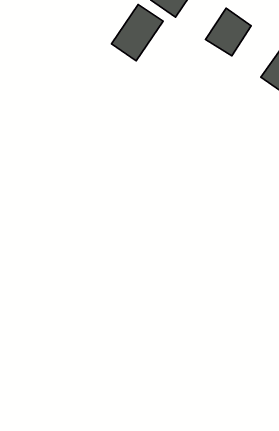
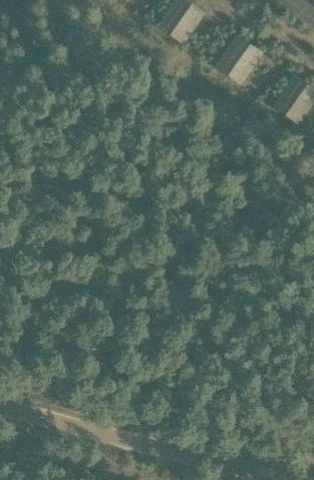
building: [111,4,163,61] -> none

